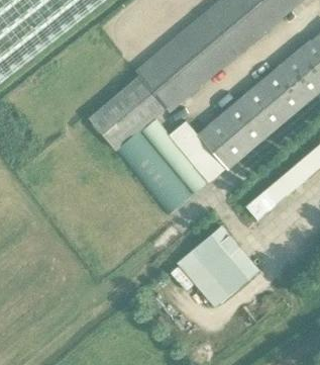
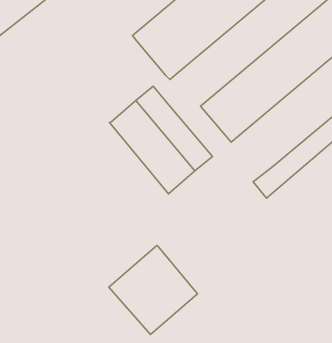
building: [89,76,166,151] -> none
building: [170,122,224,182] -> none
building: [177,225,258,307] -> [109,245,198,334]

